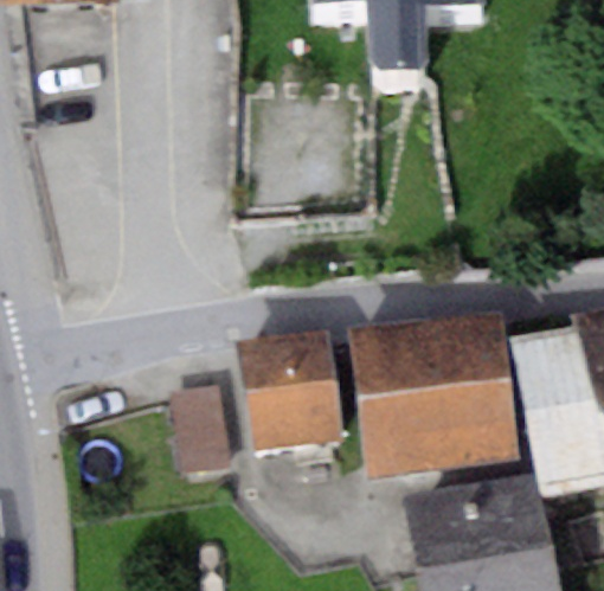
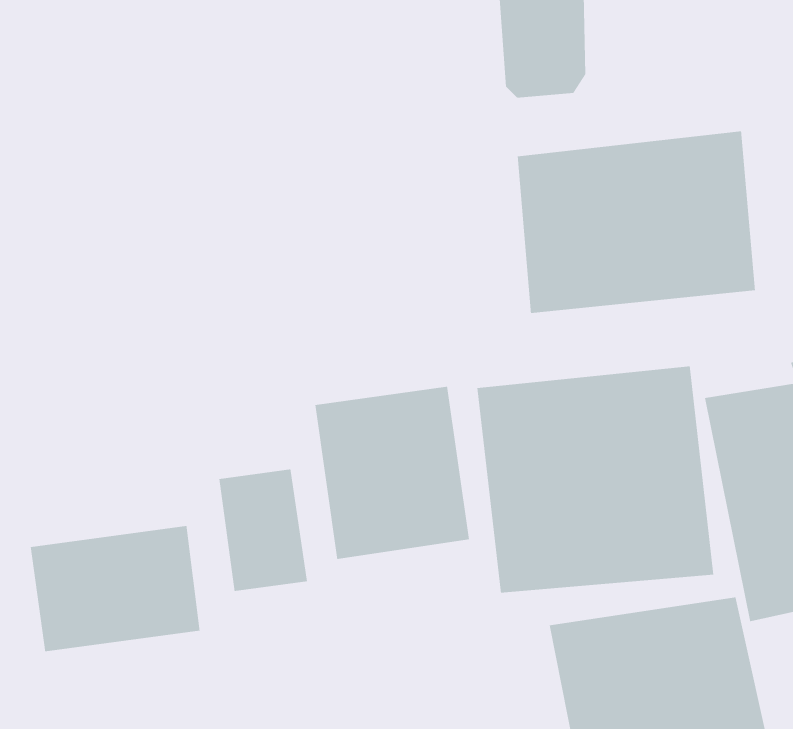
building: none -> [517,130,756,314]
building: none -> [30,525,200,652]

